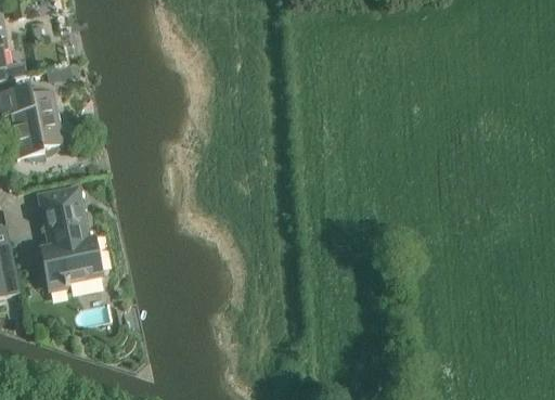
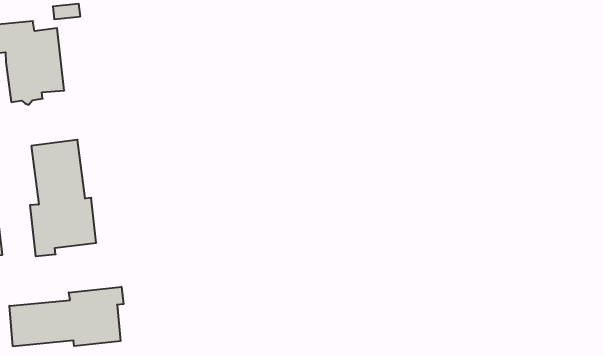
building: none -> [9,287,124,346]

